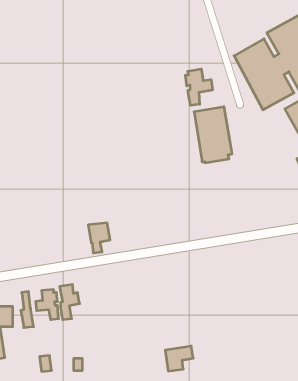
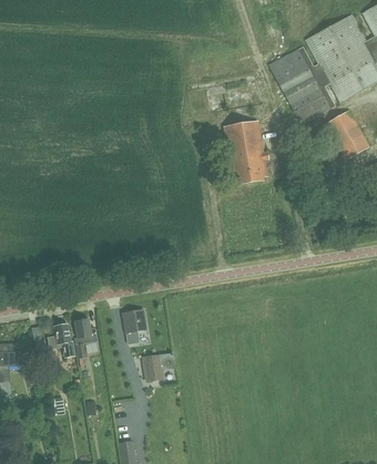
building: [185,69,212,105] -> none
building: [88,223,110,253] -> [122,309,146,342]
building: [165,346,193,371] -> [143,352,174,380]

